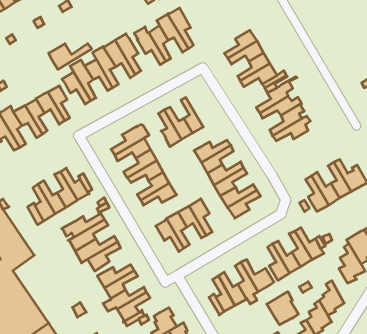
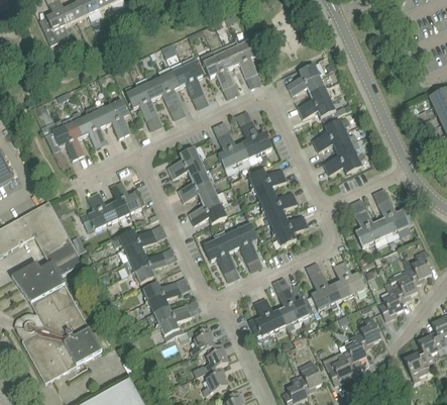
building: [49,44,92,69] -> none
building: none -> [245,120,272,160]
building: [267,292,298,325] -> none

